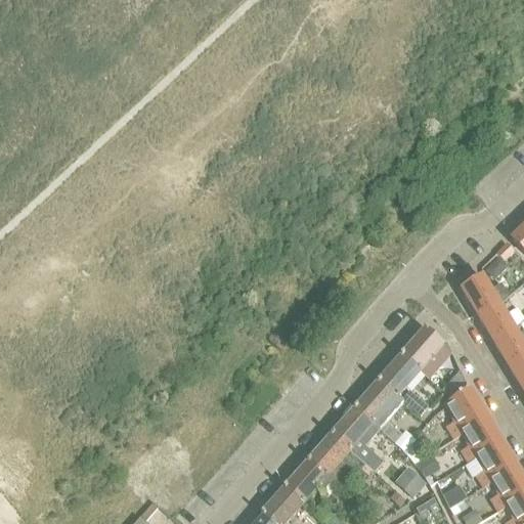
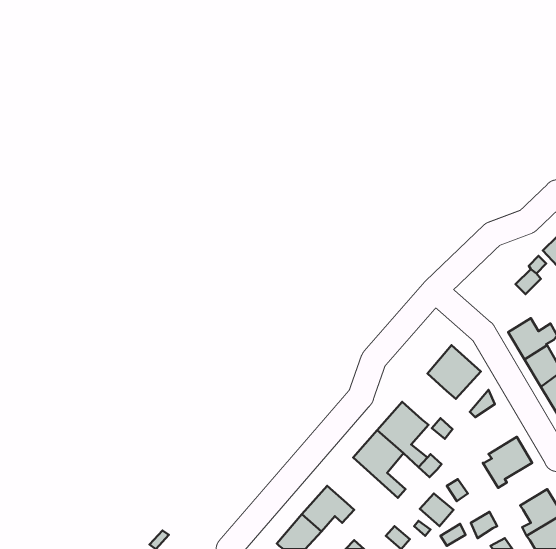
building: [462,272,499,312] -> none
building: [379,351,421,394] -> none
building: [440,386,486,435] -> none
building: [308,430,375,480] -> none
building: [475,435,515,484] -> none

